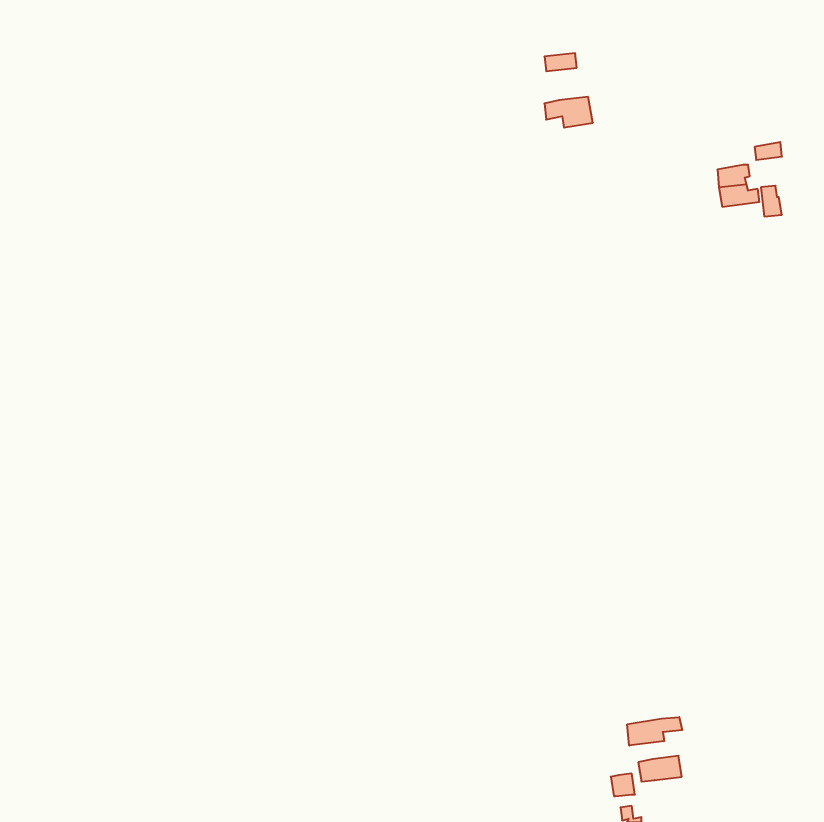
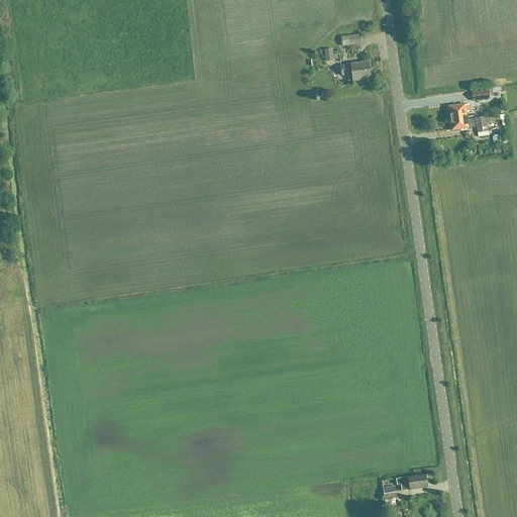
building: [627,717,682,746] -> none

